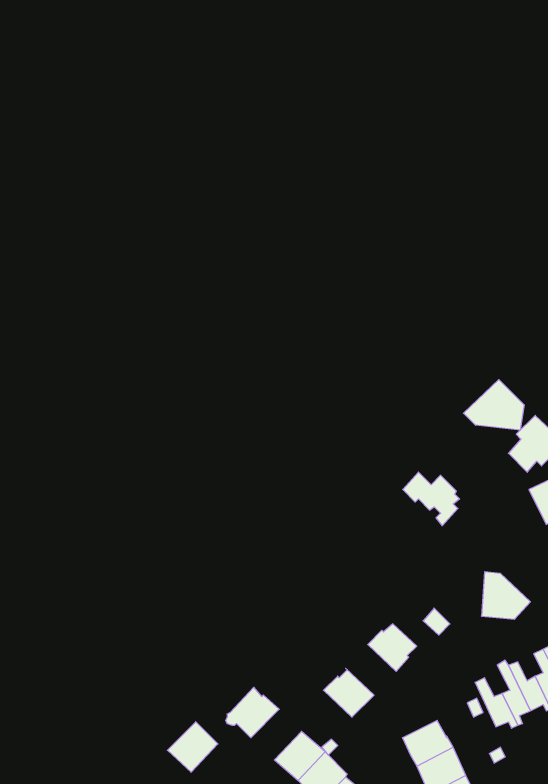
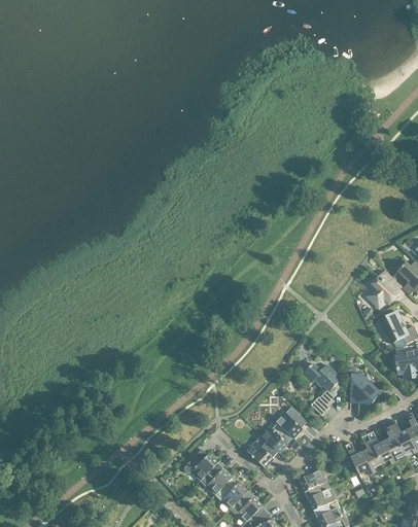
building: [463,380,524,430] -> none
building: [403,472,460,526] -> [303,362,340,397]
building: none -> [260,420,293,453]
building: [167,722,218,772] -> [199,462,232,495]

